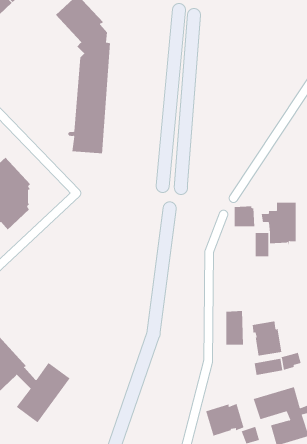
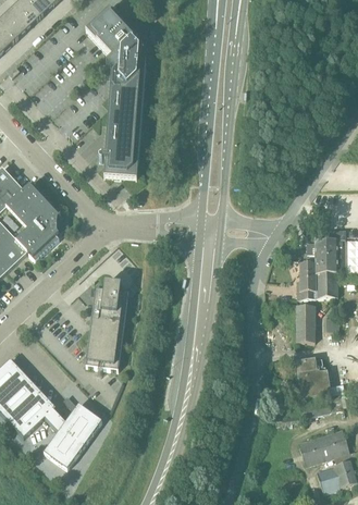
building: [234,206,255,227] -> [314,273,337,296]
building: none -> [85,281,127,368]
building: [226,311,244,345] -> [295,304,314,341]
building: [205,403,244,436] -> none

